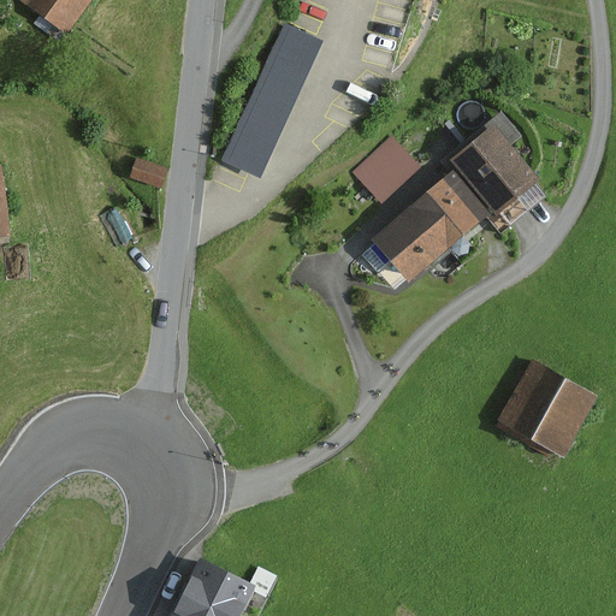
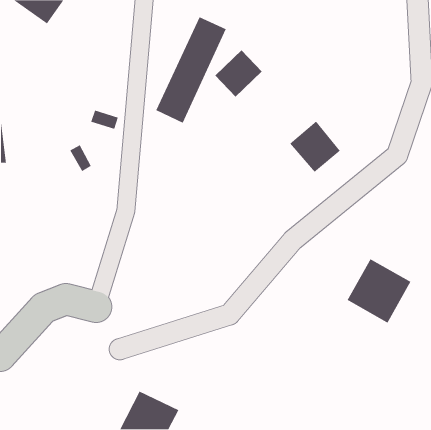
building: [443,120,547,233] -> none
building: [353,135,421,203] -> [215,49,263,97]
building: [361,205,449,282] -> none

